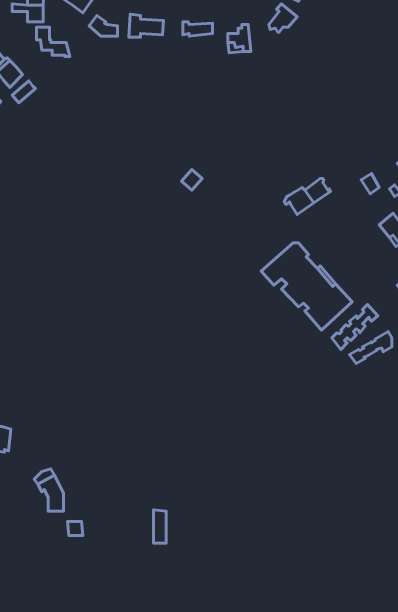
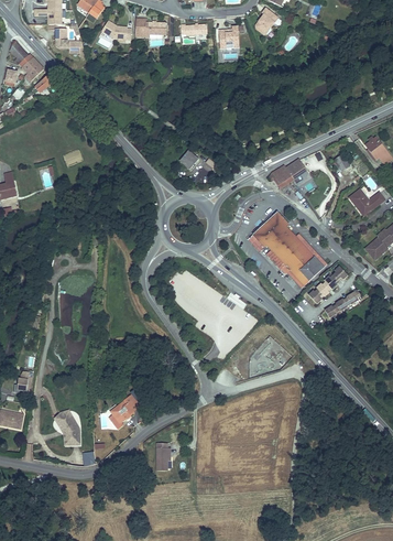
building: none -> [109,394,140,428]

